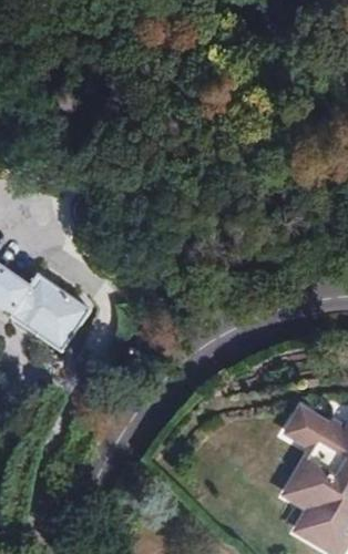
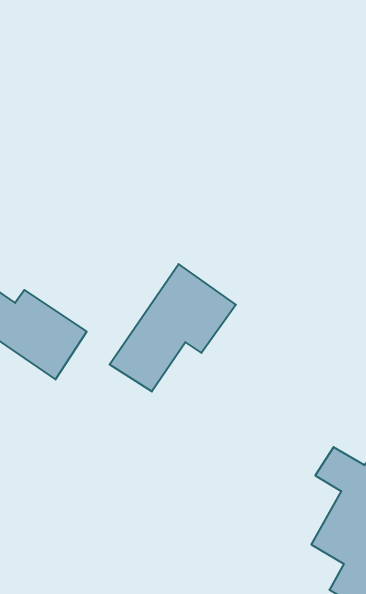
building: none -> [110,264,236,392]

